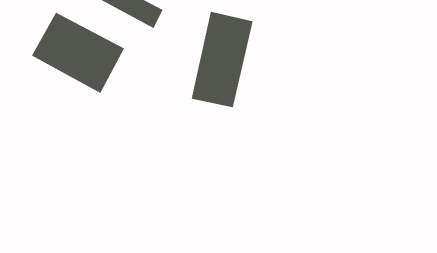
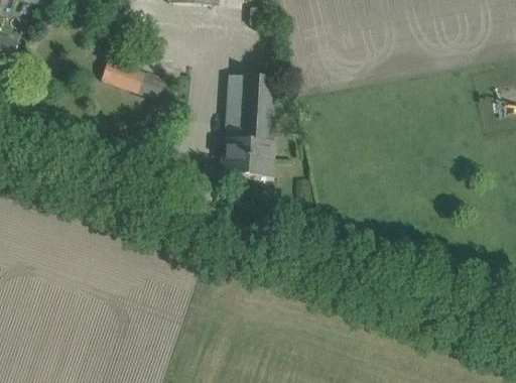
building: [31,12,125,94] -> none

